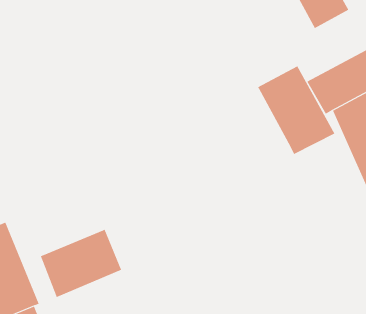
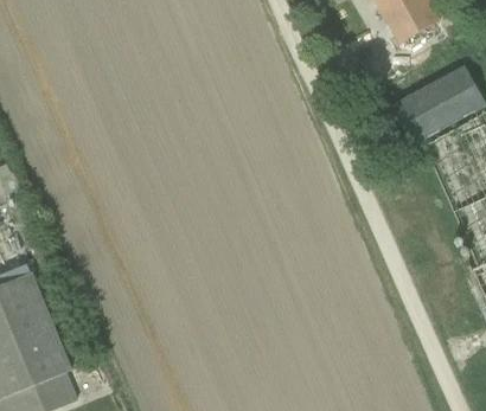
building: [257,65,335,155] -> none
building: [40,229,122,298] -> none

